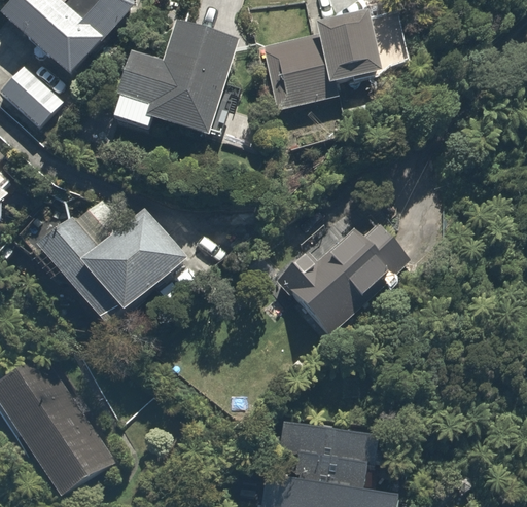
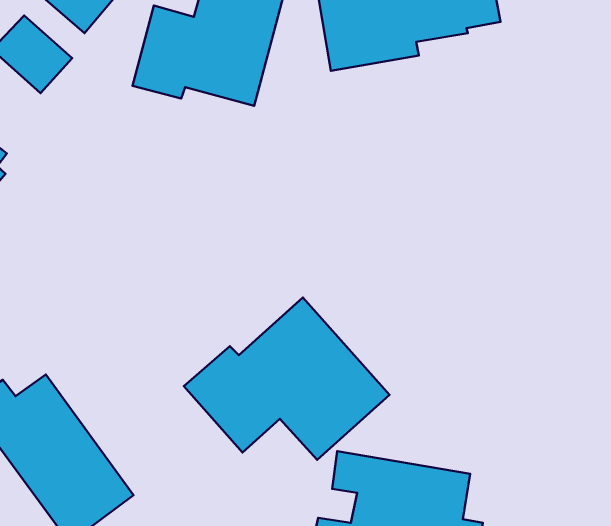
building: [35,211,182,326] -> none
building: [282,221,409,331] -> none
building: none -> [184,297,389,460]

